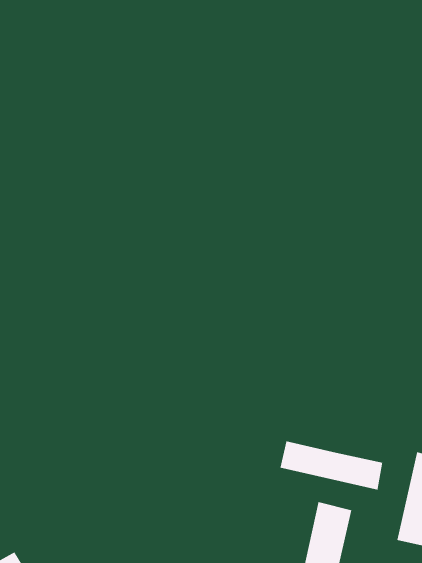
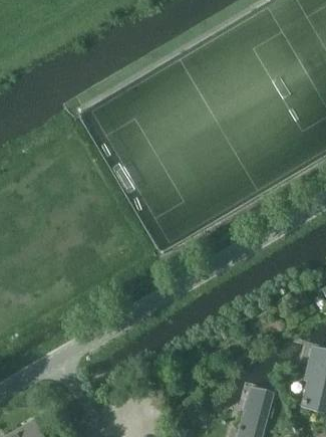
building: [280,440,383,491] -> none

